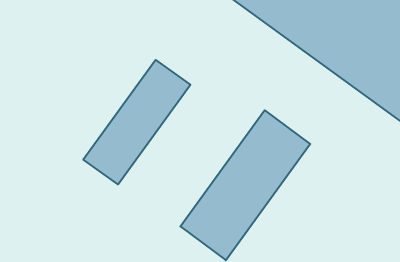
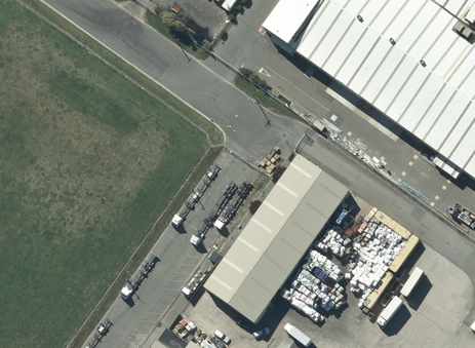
building: [83,60,190,184] -> none

